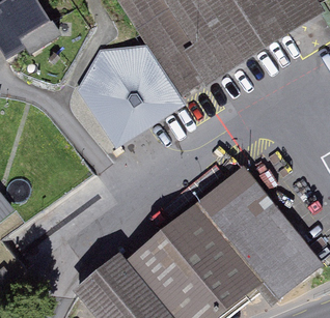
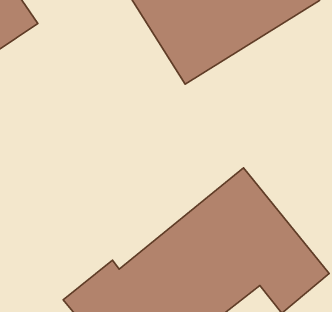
building: [81,50,182,145] -> none

